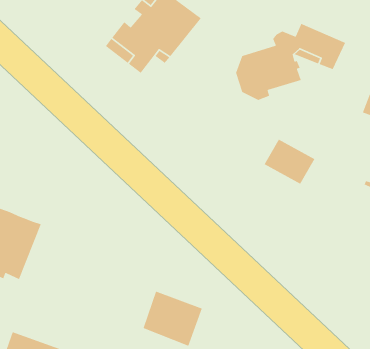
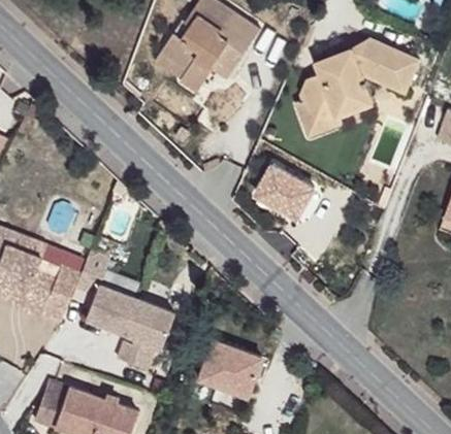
building: [264,138,315,185] -> [257,164,315,215]
building: none -> [73,249,172,375]

